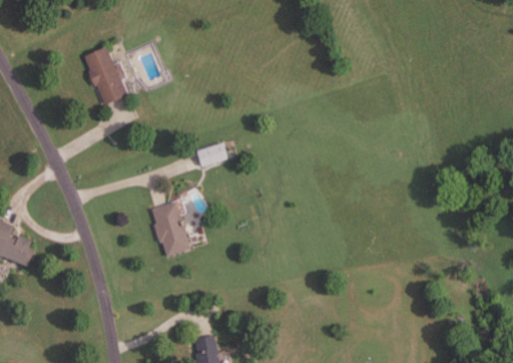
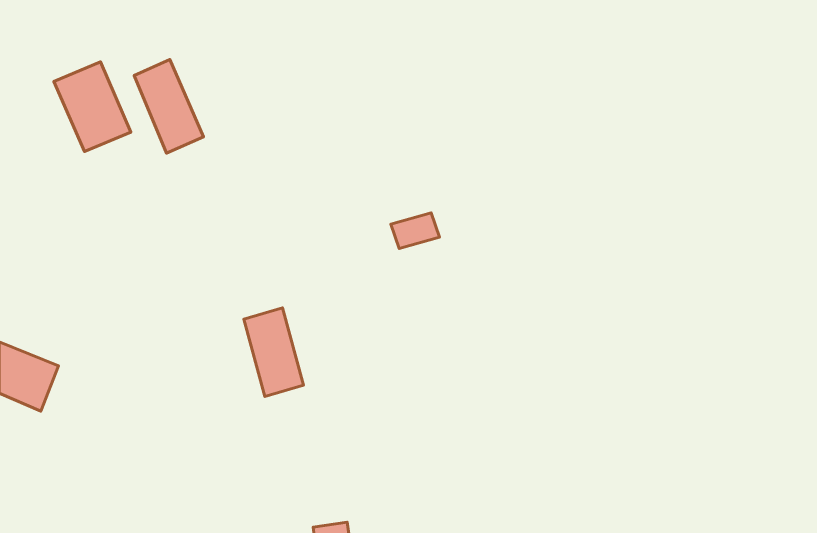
building: none -> [54,62,131,152]
building: [197,144,227,166] -> [391,213,439,248]

